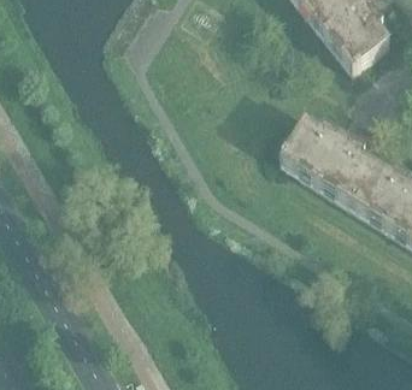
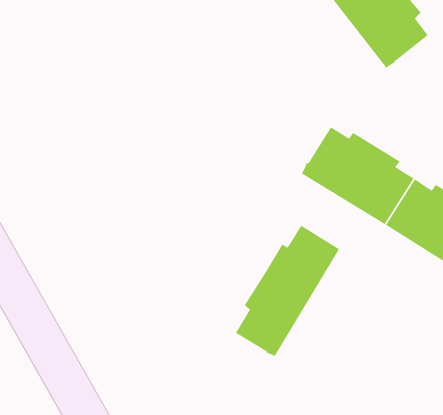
building: none -> [235,225,340,357]

